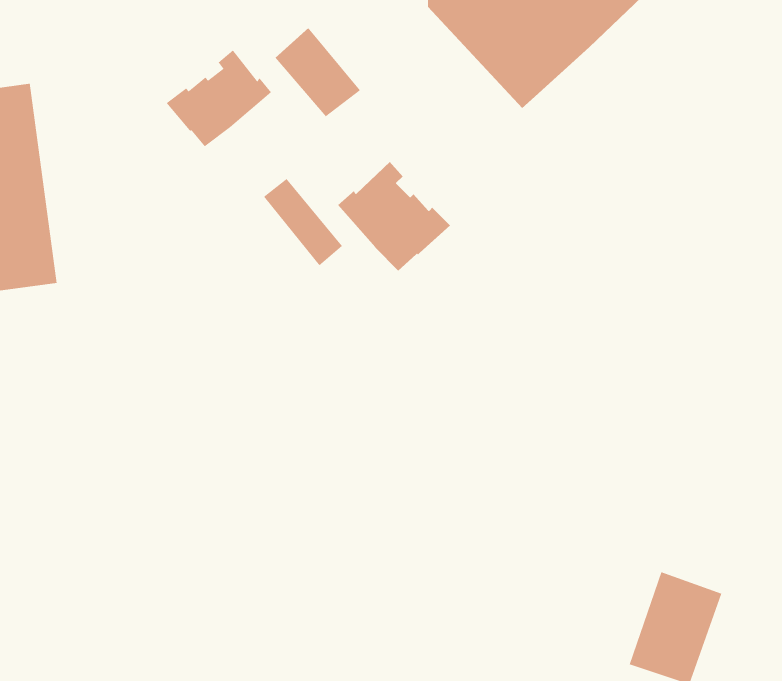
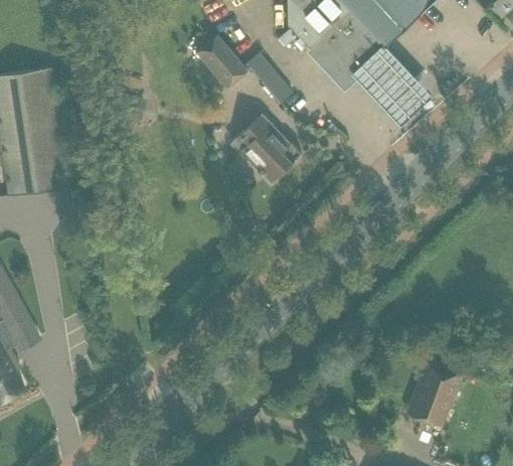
building: none -> [351,47,432,130]
building: [166,49,272,147] -> none
building: [263,178,343,266] -> [247,49,295,102]

